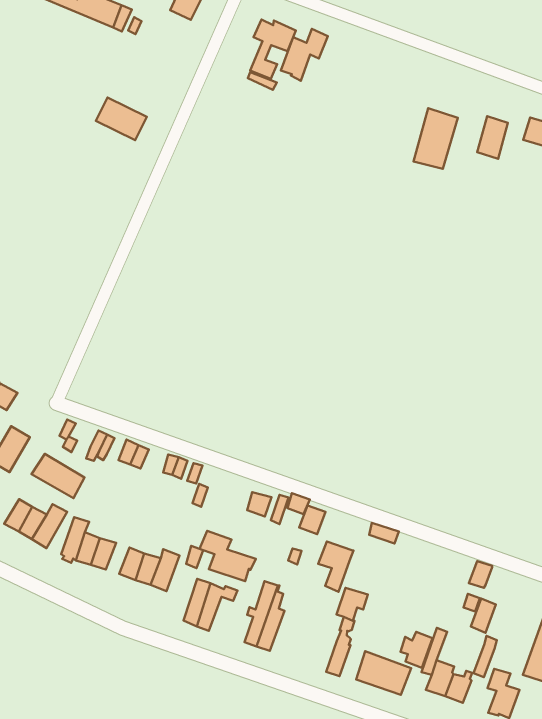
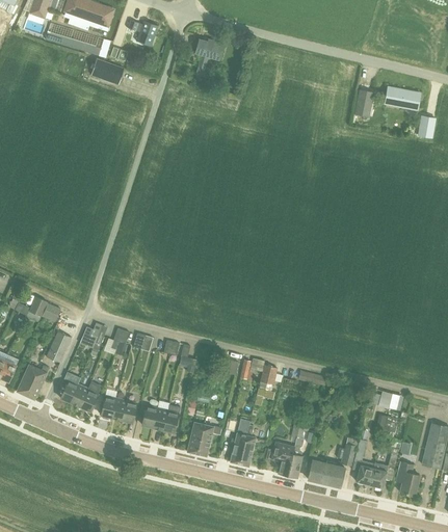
building: [281,29,328,81] -> none
building: [96,97,147,140] -> [89,58,124,85]
building: [414,108,458,169] -> none
building: [32,454,85,498] -> none
building: [199,531,256,581] -> none
building: [318,542,353,592] -> [271,443,294,476]

